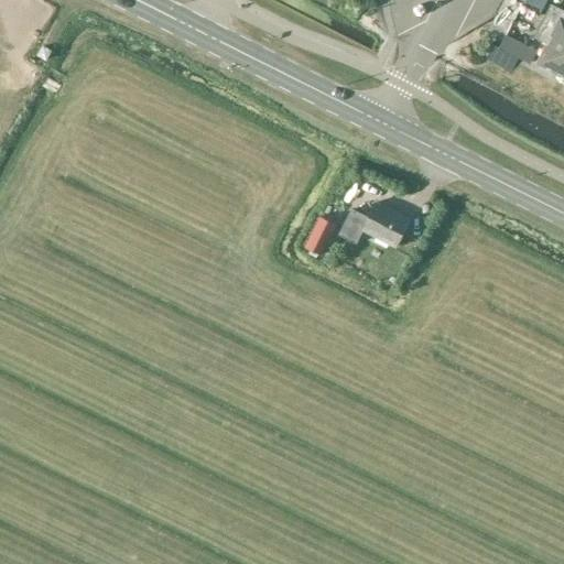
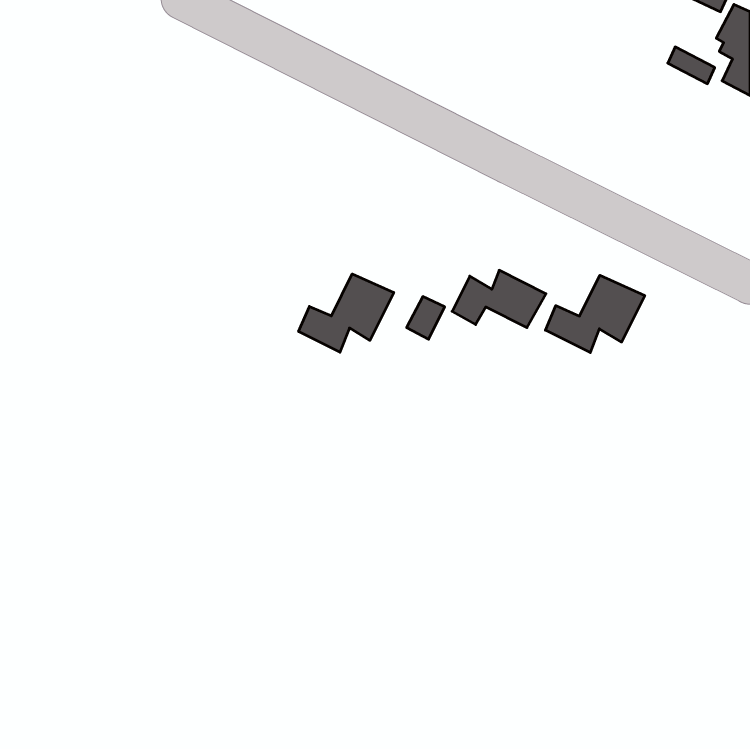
building: none -> [299,274,394,352]
building: none -> [545,275,645,353]

